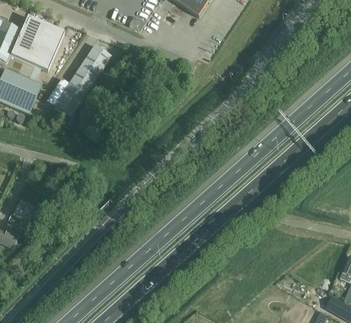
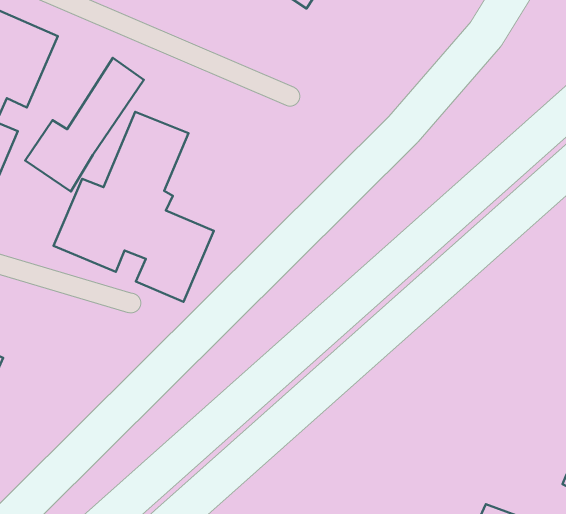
building: none -> [53,112,214,302]

